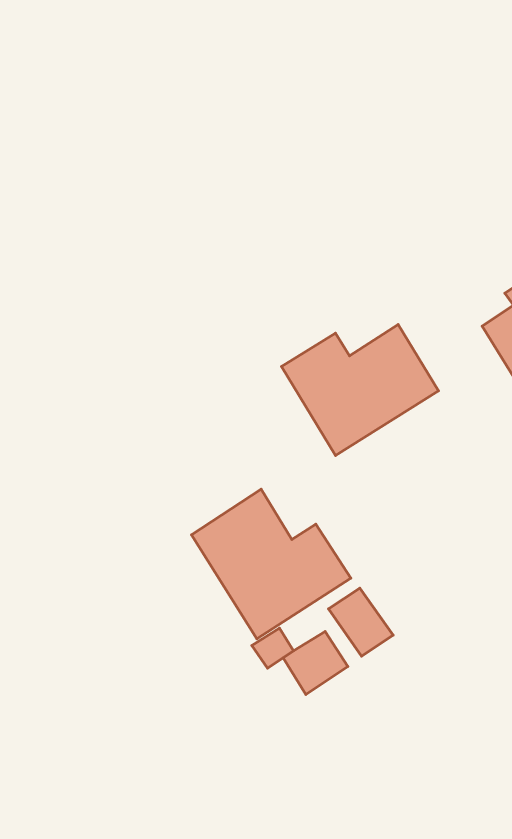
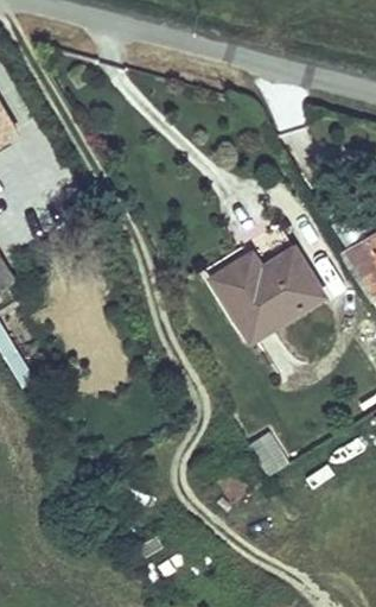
building: [191,489,351,639] -> none

